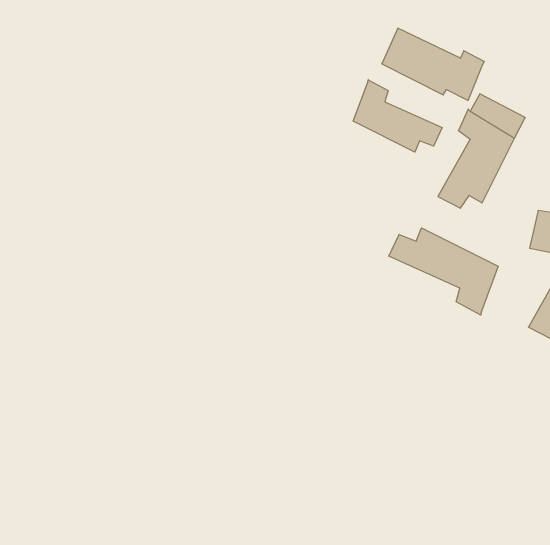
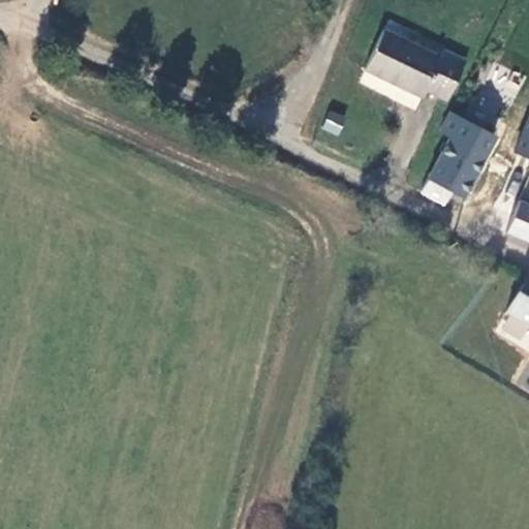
building: [353,80,442,152] -> none
building: [389,228,498,315] -> none

